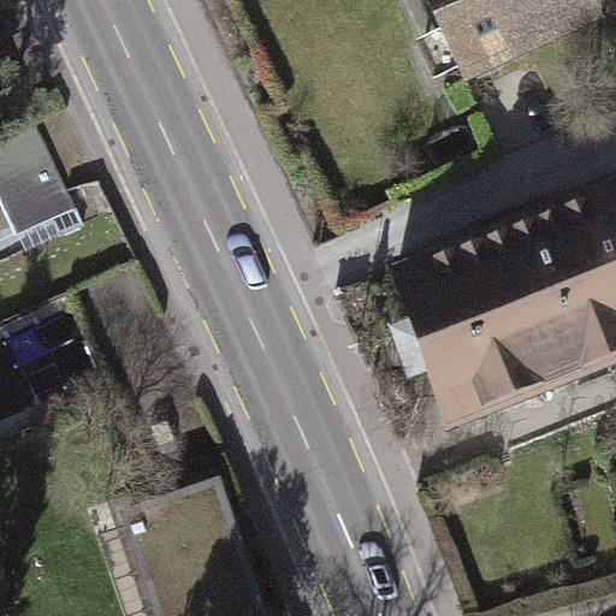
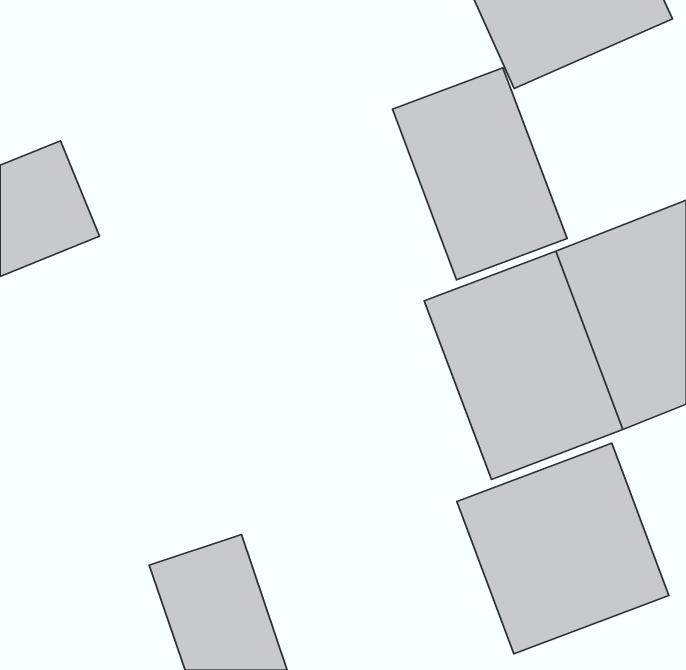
building: none -> [393,68,567,280]
building: none -> [457,443,669,654]

